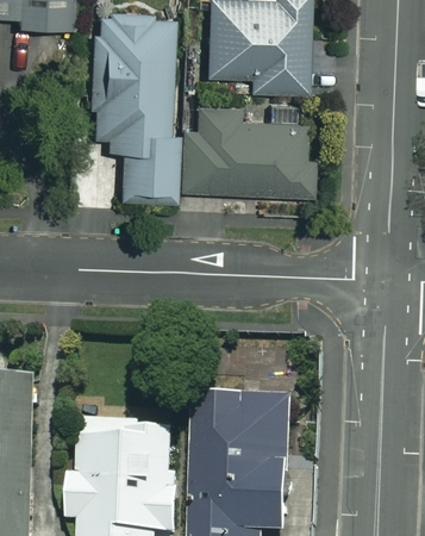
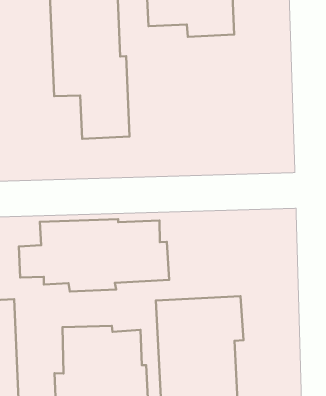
building: [183,107,312,193] -> none
building: none -> [19,219,169,292]

